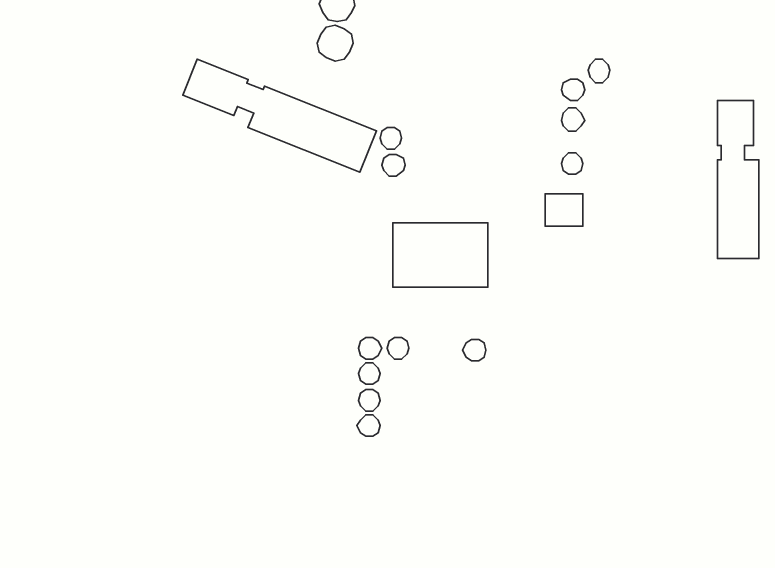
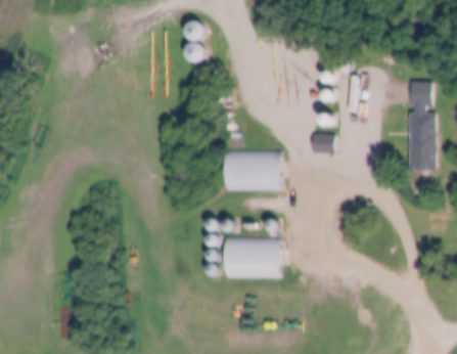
building: [183,59,376,172] -> none
building: none -> [226,235,280,277]

